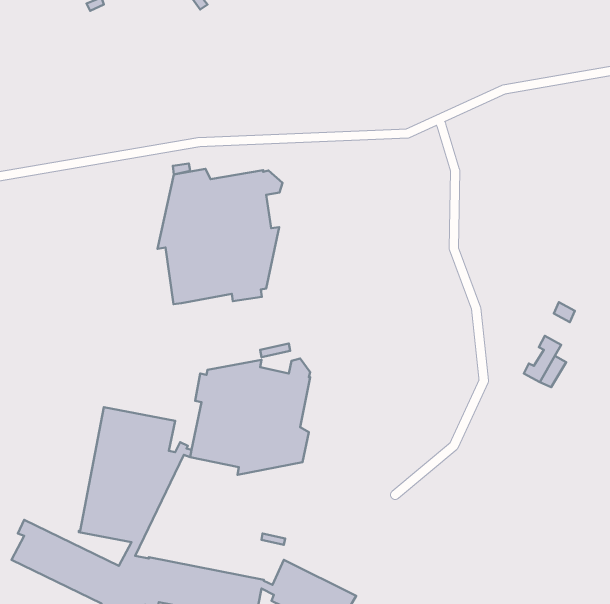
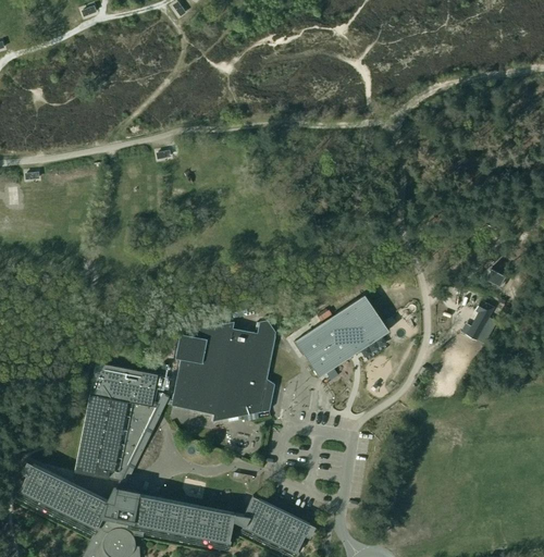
building: [158,169,282,304] -> none
building: none -> [295,297,384,377]

